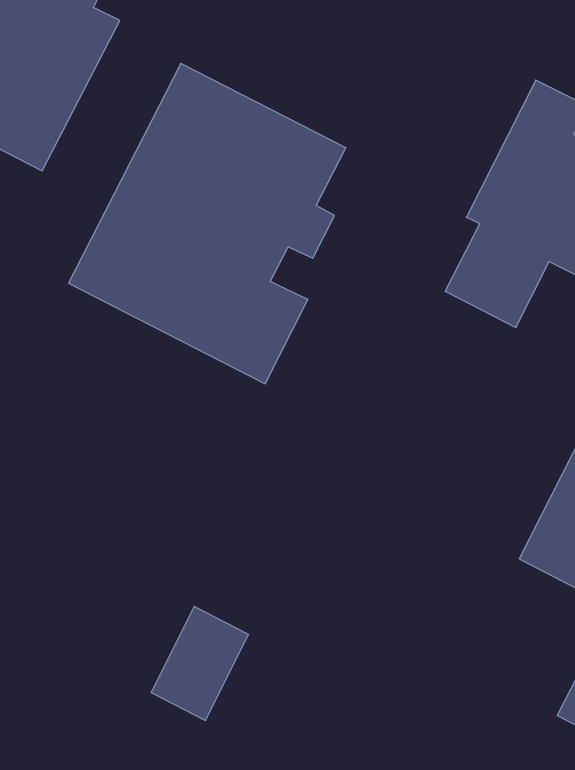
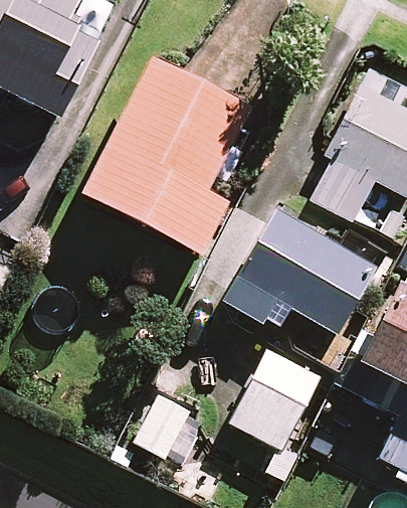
building: none -> [221,208,374,357]
building: none -> [231,349,319,447]

